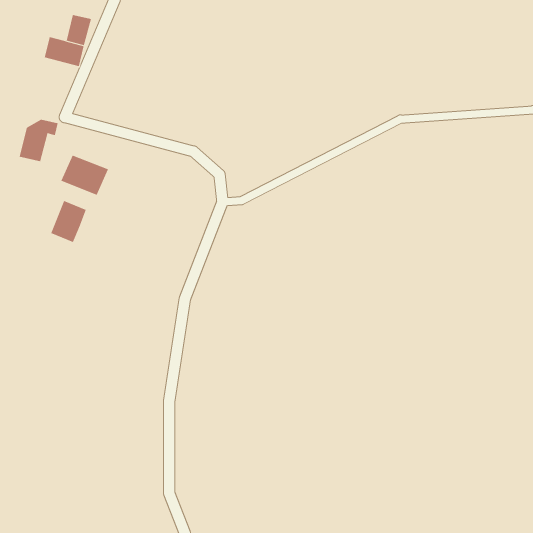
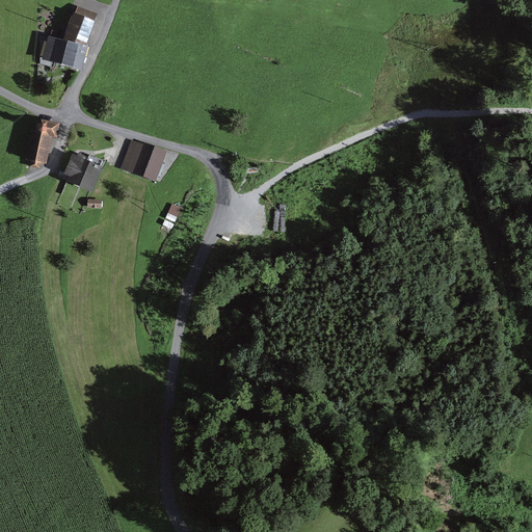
building: none -> [129,142,165,176]
building: [50,200,87,243] -> none

